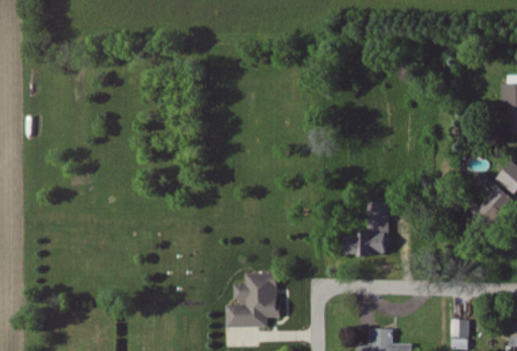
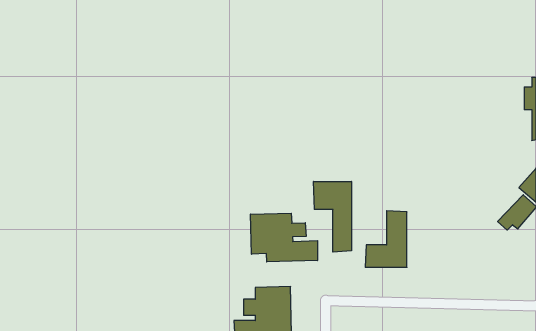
building: none -> [314,181,351,252]
building: none -> [251,213,317,262]

